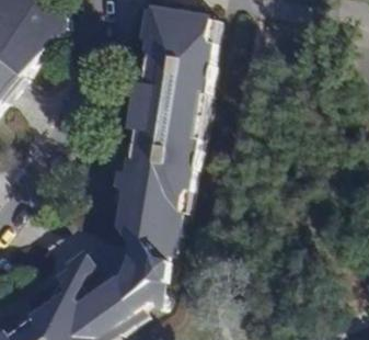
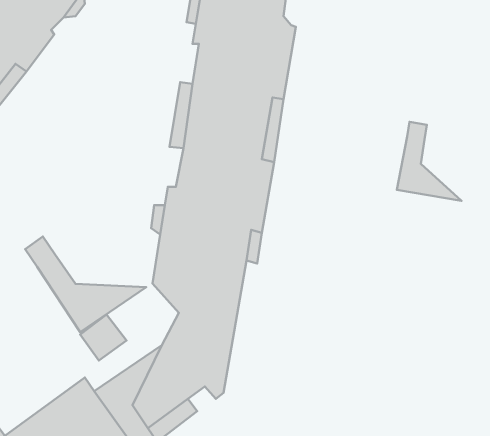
building: none -> [397,122,462,201]
building: none -> [25,237,146,332]

